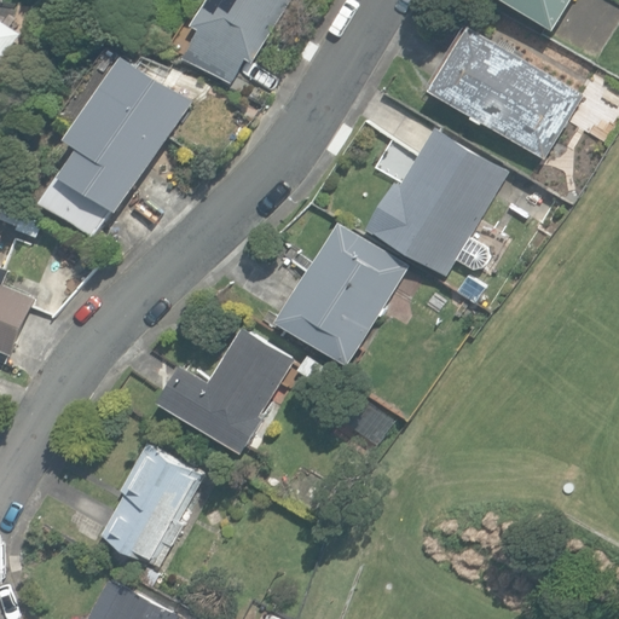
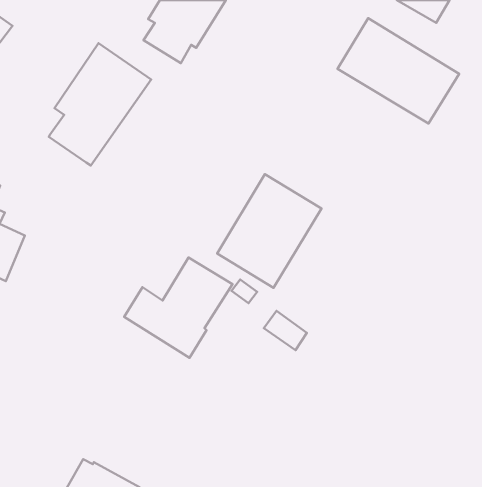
building: [363,129,504,278] -> none
building: [40,172,109,236] -> none
building: [99,445,201,565] -> none

